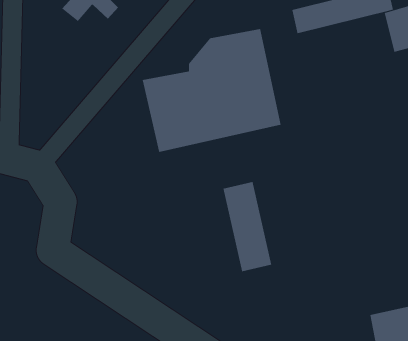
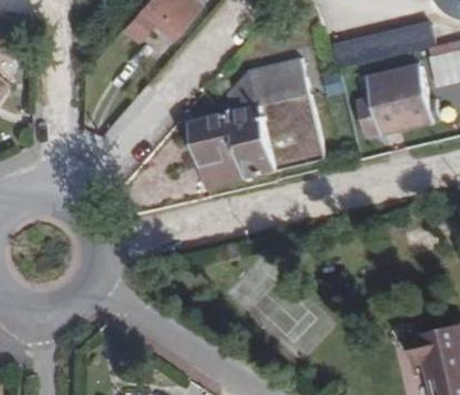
building: none -> [363,69,442,139]
building: [223,181,272,272] -> none

